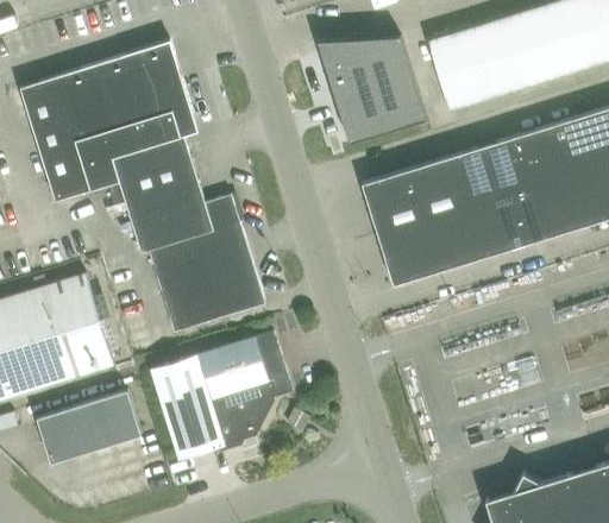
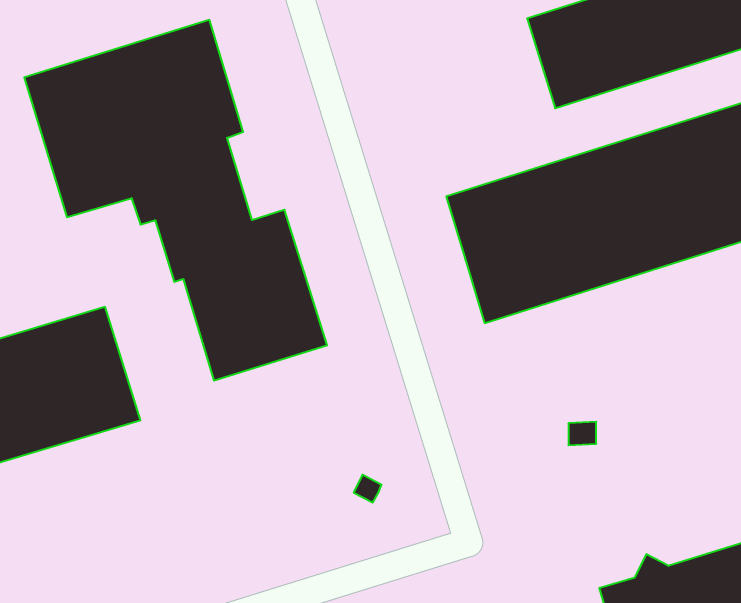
building: [318,36,426,144] -> none
building: [151,332,293,460] -> none
building: [37,391,142,464] -> none

